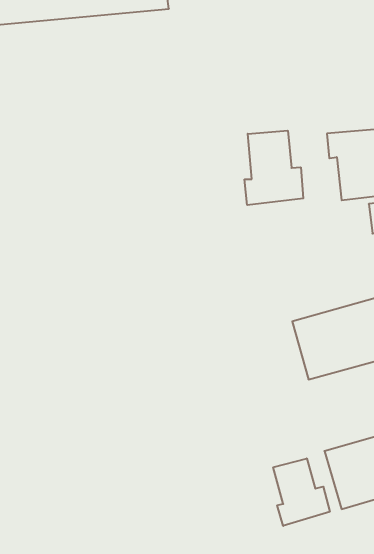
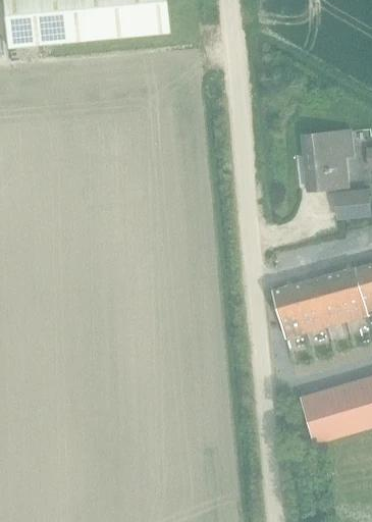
building: [245,131,303,205] -> none
building: [273,458,330,526] -> none

